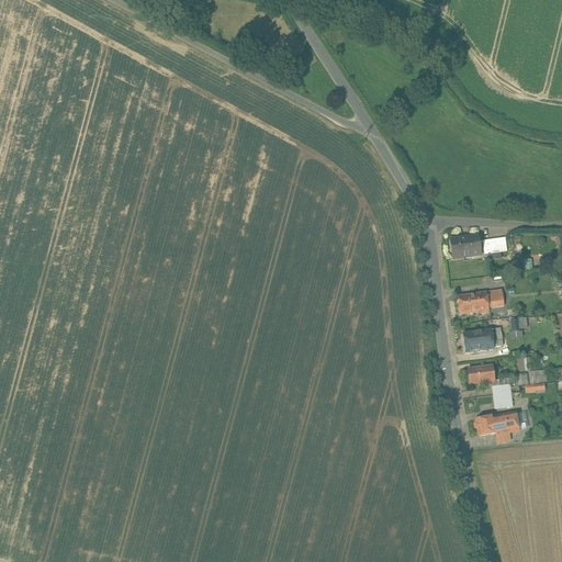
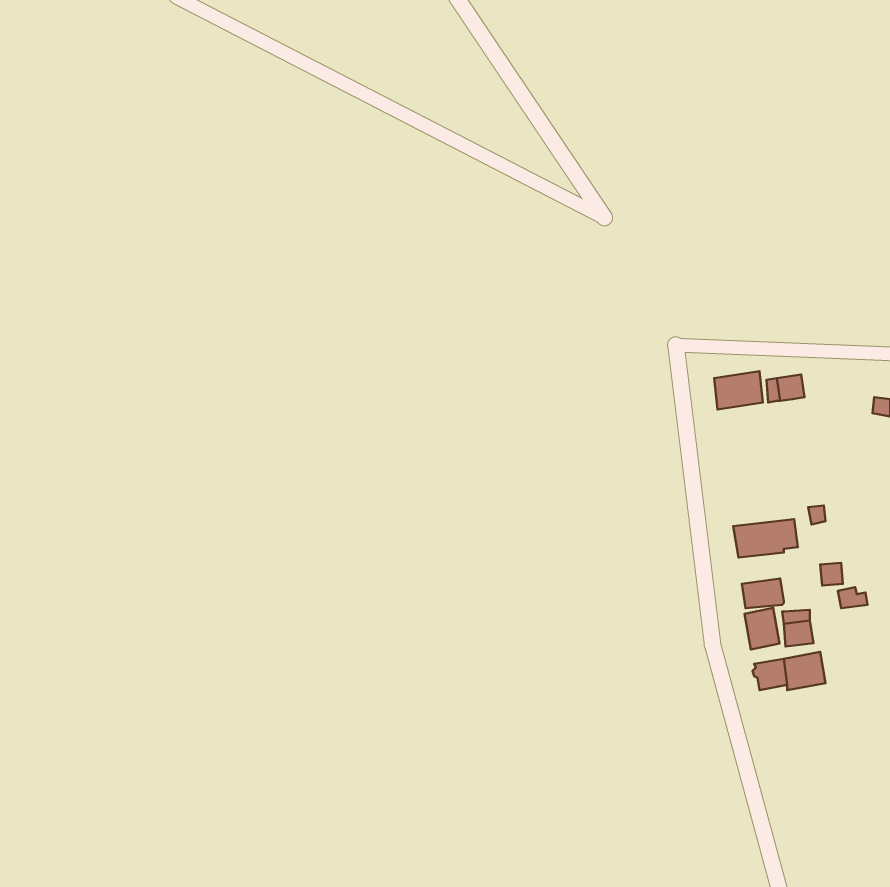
building: [458,289,504,313] -> none
building: none -> [744,608,780,650]

